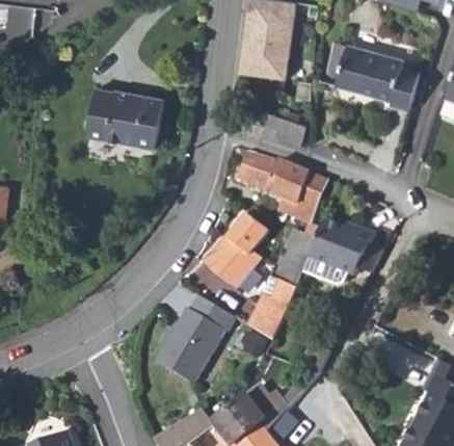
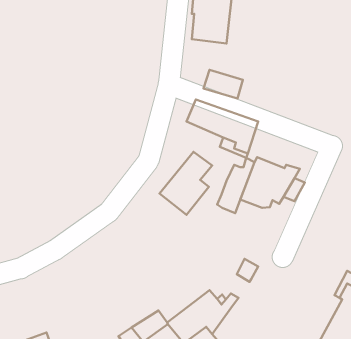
building: [340,42,422,107] -> none
building: [84,91,162,155] -> none
building: [246,282,296,340] -> none
building: [156,294,235,383] -> none

